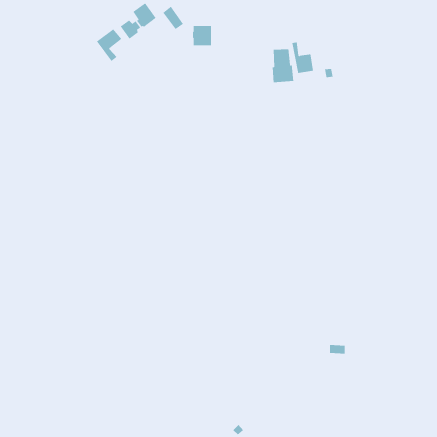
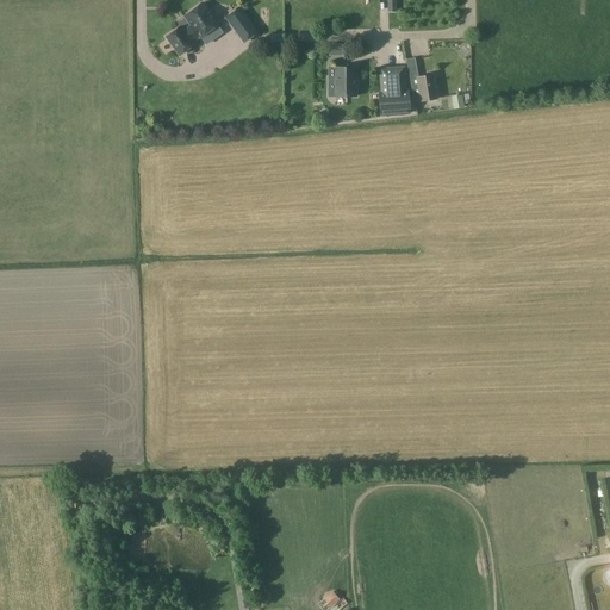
building: [192,25,212,46] -> [329,68,356,97]
building: [96,28,122,62] -> none

